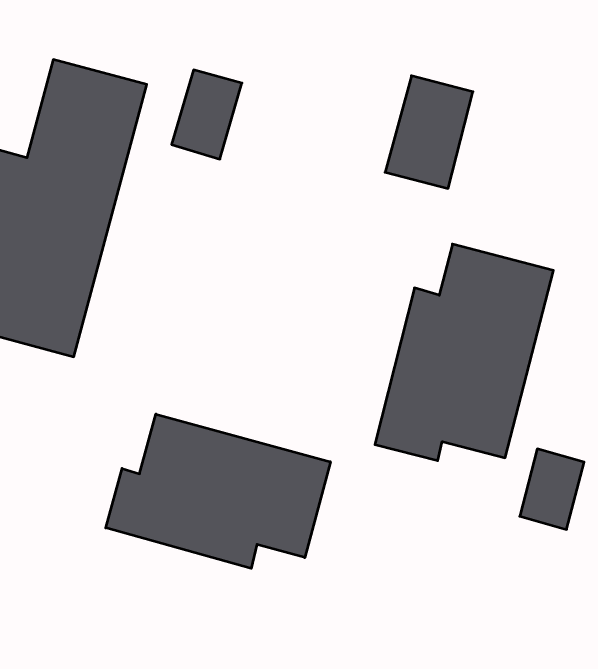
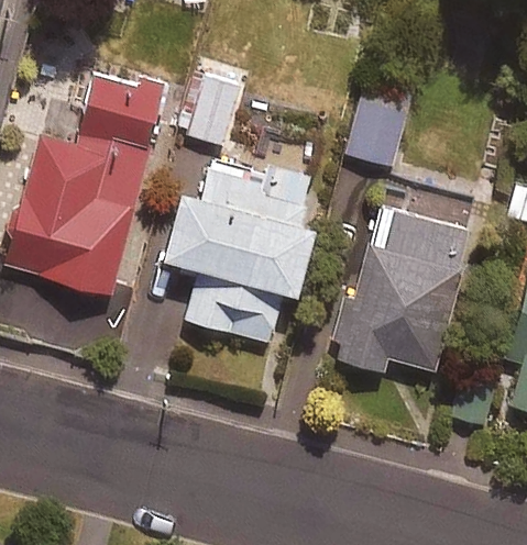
building: none -> [166,165,316,343]
building: [106,414,330,568] -> none

